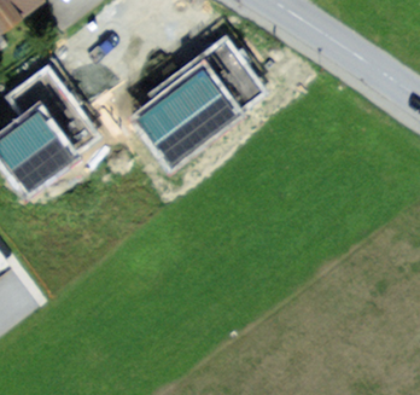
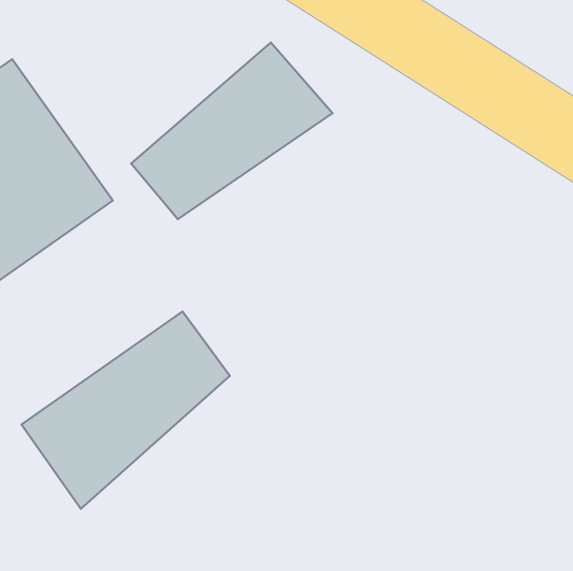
building: none -> [22,312,230,509]

